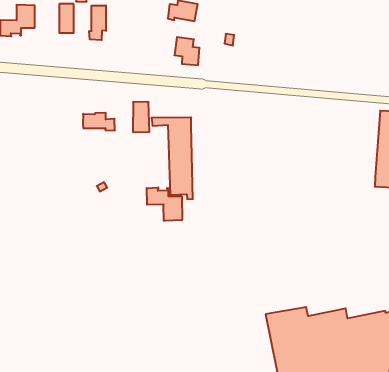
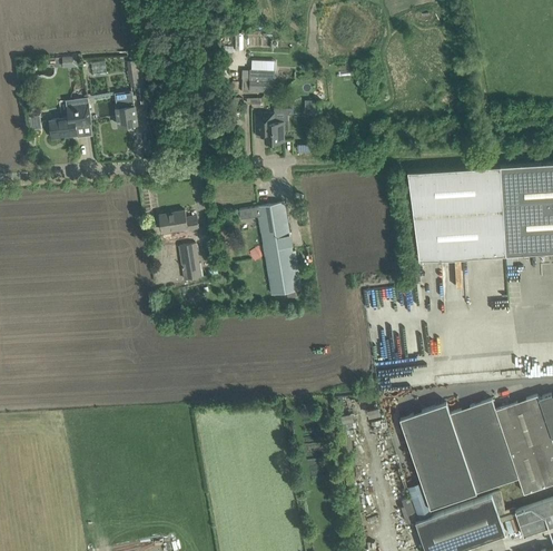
building: [89,5,106,40] -> none
building: [133,102,149,132] -> [179,245,203,282]
building: none -> [408,168,506,262]
building: [147,187,182,221] -> none

